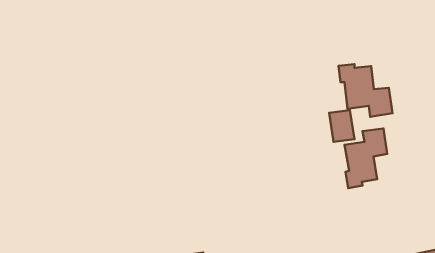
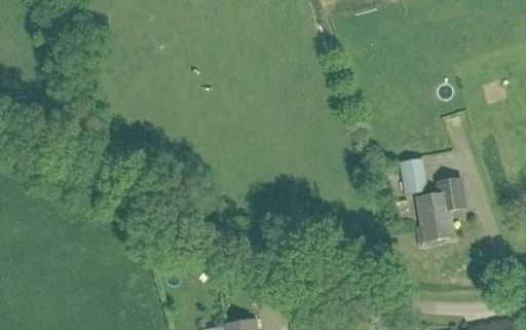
building: [339,64,392,117] -> none

